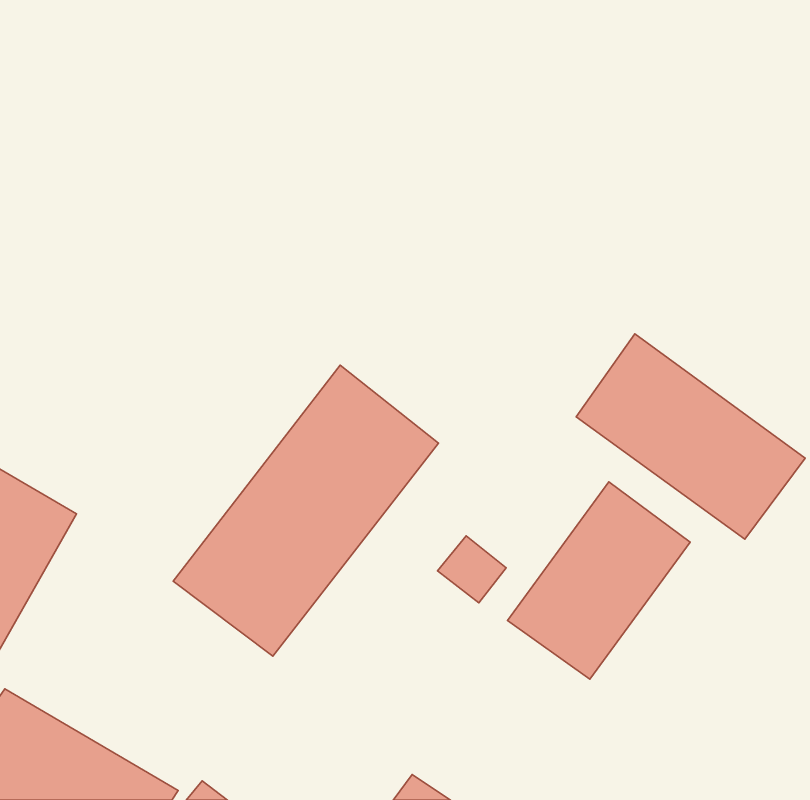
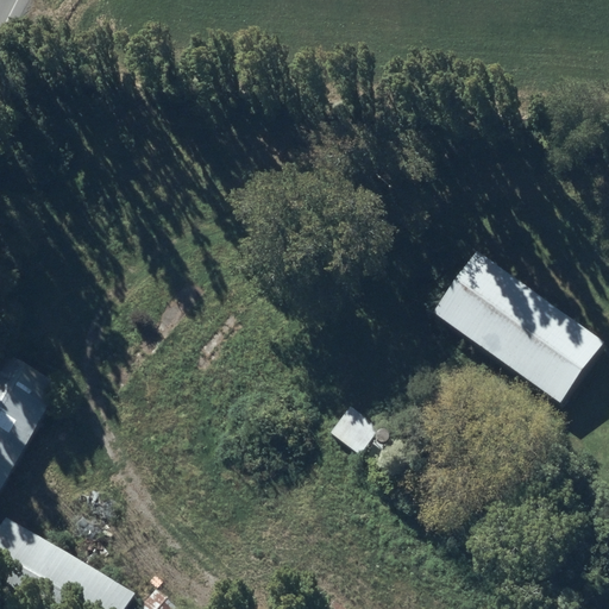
building: [173,365,438,656] -> none
building: [508,482,690,679] -> none

